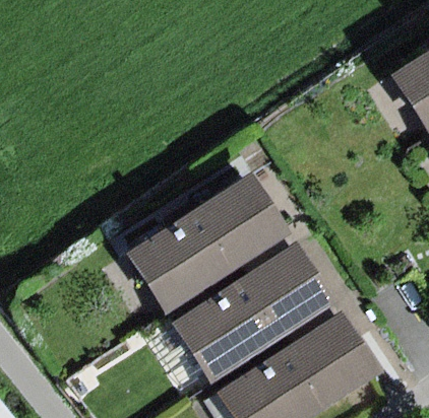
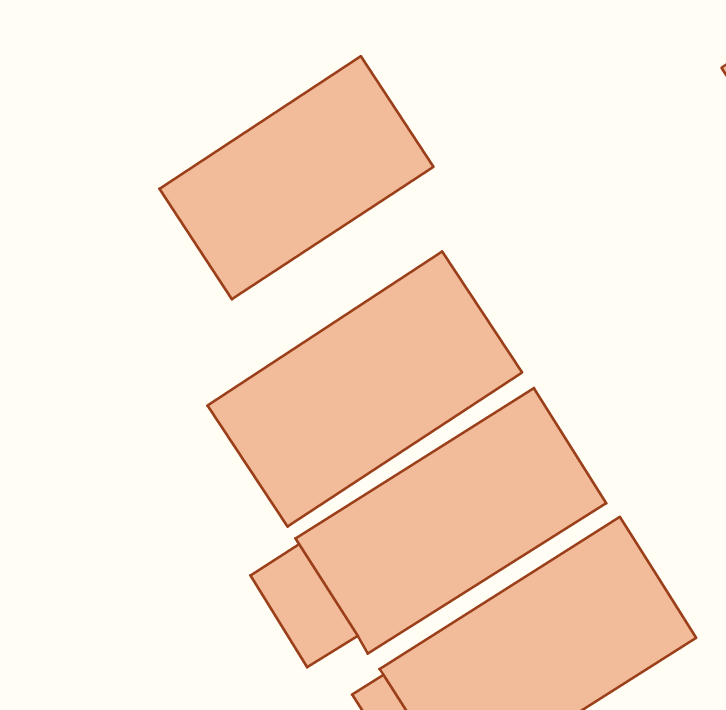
building: none -> [159,56,433,299]

